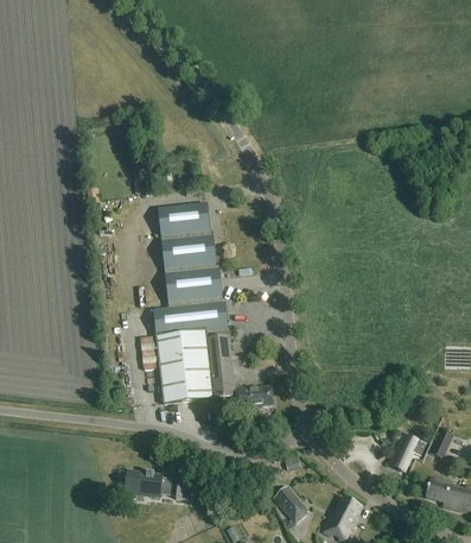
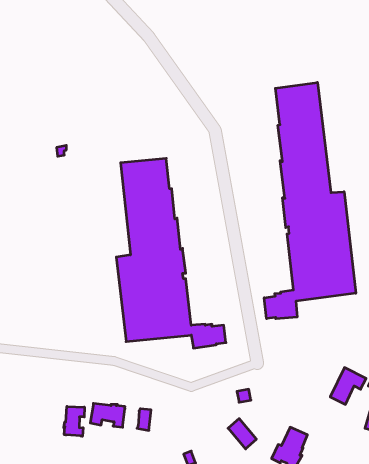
building: none -> [264,82,356,319]
building: none -> [64,406,84,436]

